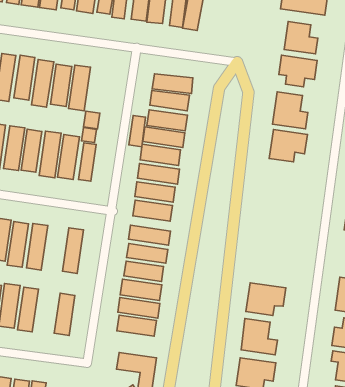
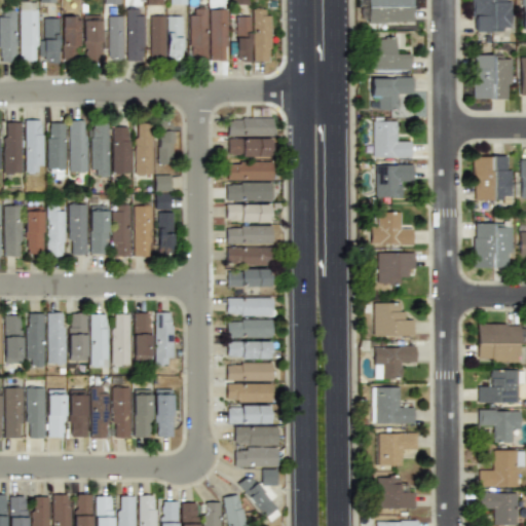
building: [129,115,145,147] -> [159,129,175,164]
building: none -> [372,211,415,245]
building: none -> [379,253,416,284]
building: none -> [135,312,153,363]
building: none -> [374,303,416,336]
building: none -> [135,394,153,439]
building: none -> [235,427,280,445]

